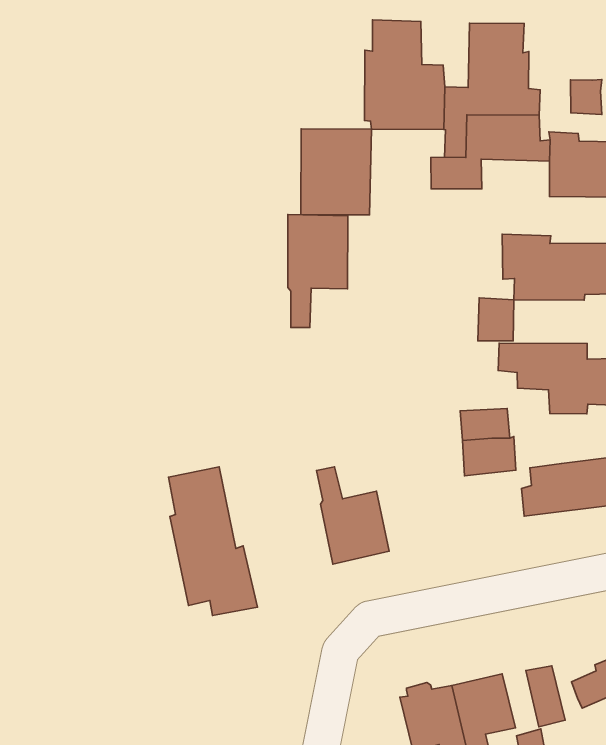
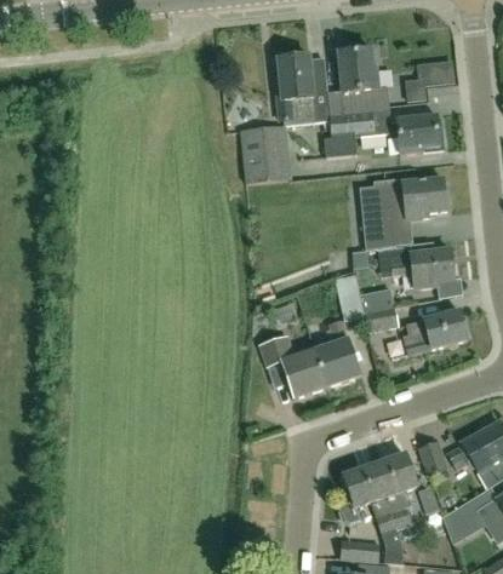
building: [288,214,348,328] -> none
building: none -> [314,320,361,385]
building: [168,467,258,616] -> none

